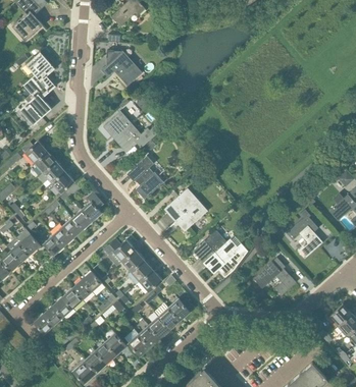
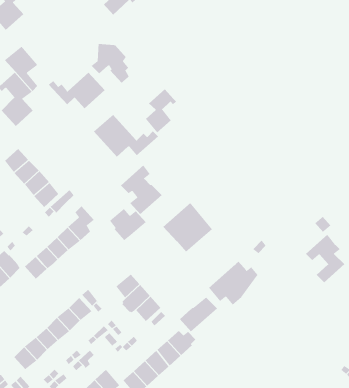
building: none -> [48,72,106,109]
building: none -> [145,88,177,133]
building: [193,231,226,262] -> [179,297,218,332]
building: [103,237,136,266] -> [109,208,147,241]
building: [253,257,296,294] -> none

